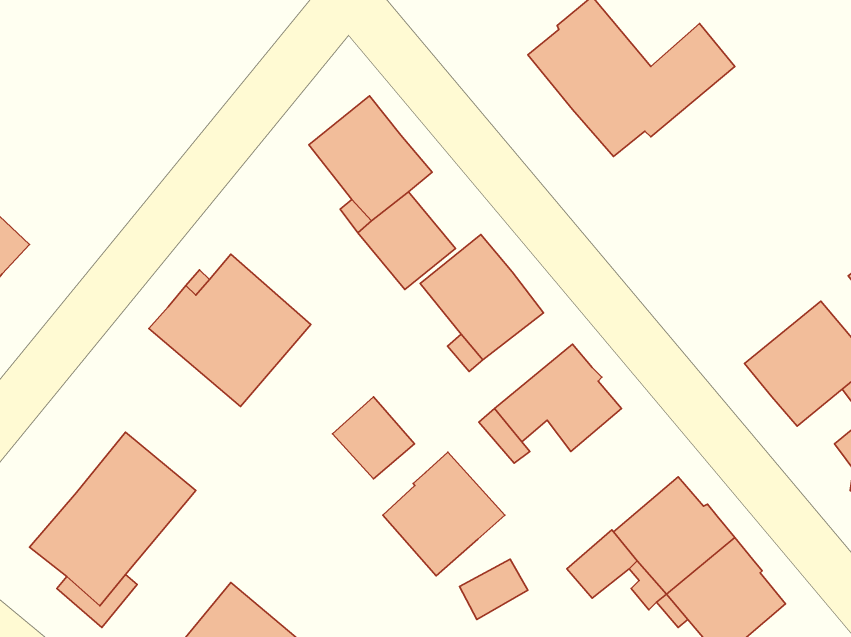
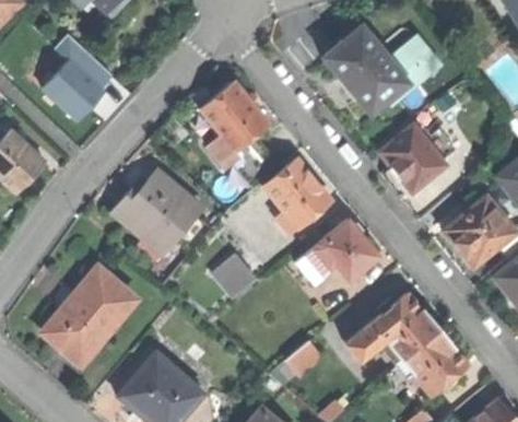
building: none -> [42,56,107,120]
building: none -> [378,124,446,191]
building: [383,452,505,576] -> none

